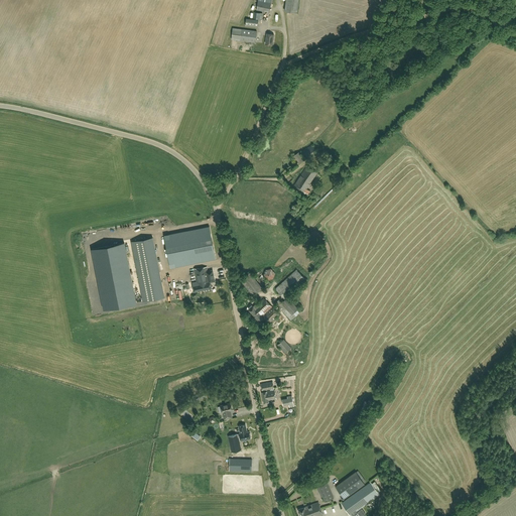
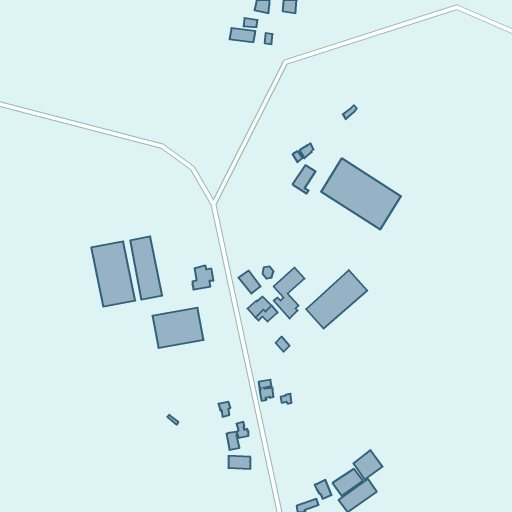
building: none -> [321,158,401,230]
building: [164,227,216,267] -> [152,308,204,348]
building: none -> [306,270,367,329]
building: none -> [353,450,383,480]

